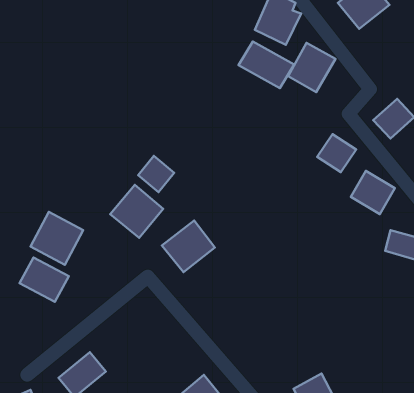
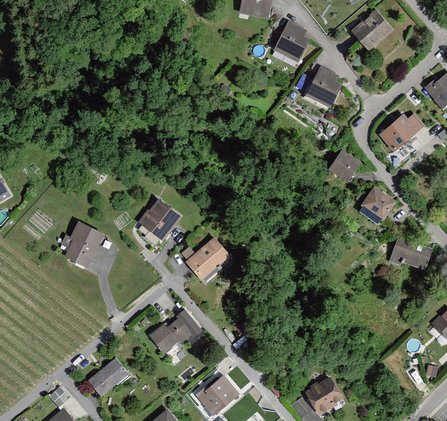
building: [238,42,294,88] -> none
building: [138,156,174,192] -> none
building: [19,257,69,302] -> none
building: none -> [147,310,199,354]

